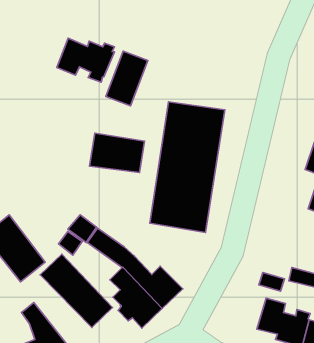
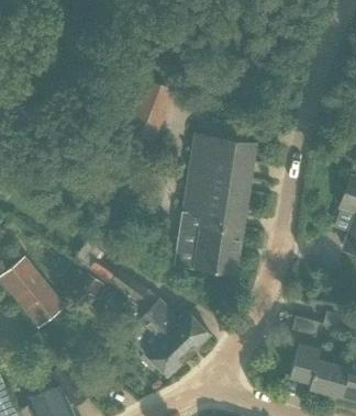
building: [57,38,114,82] -> none
building: [90,133,144,173] -> none
building: [40,254,112,327] -> none

